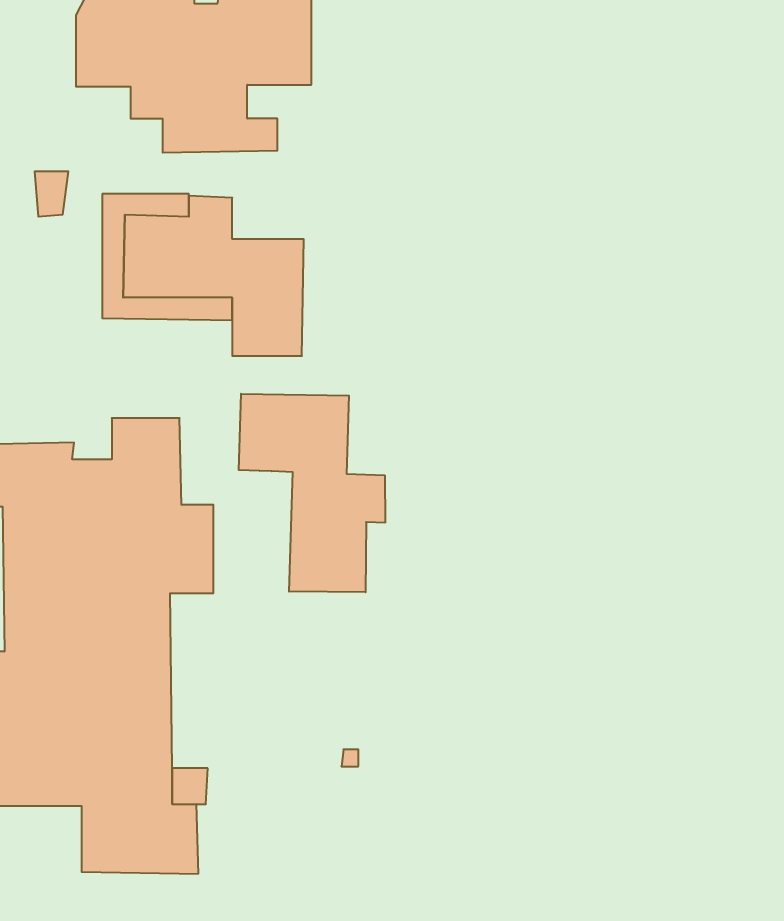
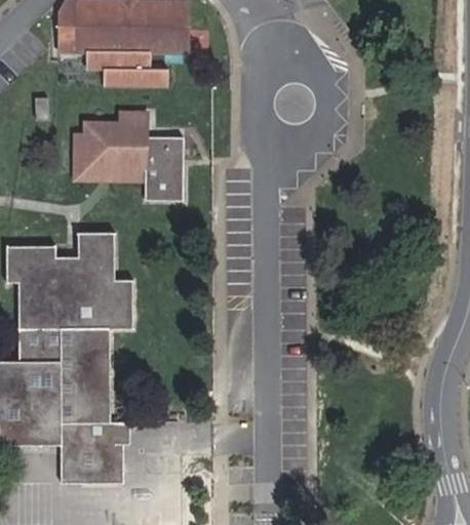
building: [239,394,385,592] -> none

